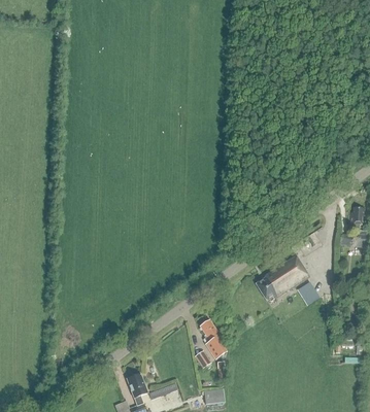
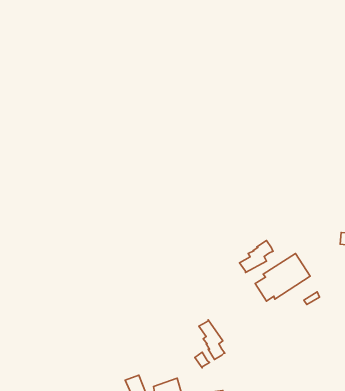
building: none -> [240,241,273,273]

